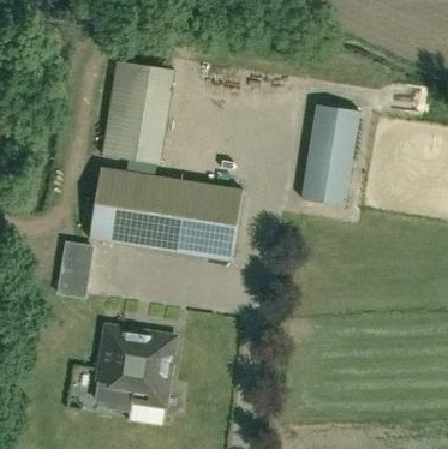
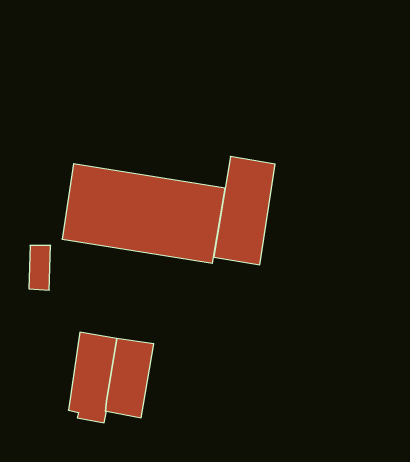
building: [102,60,174,164] -> none
building: [299,103,357,205] -> [214,156,275,265]

